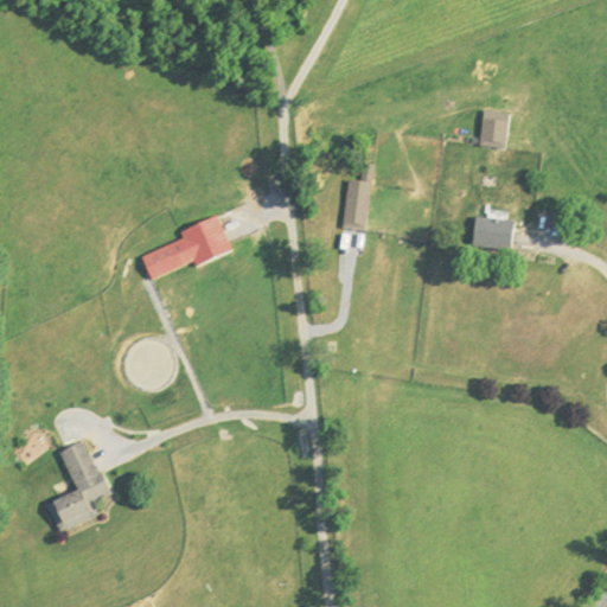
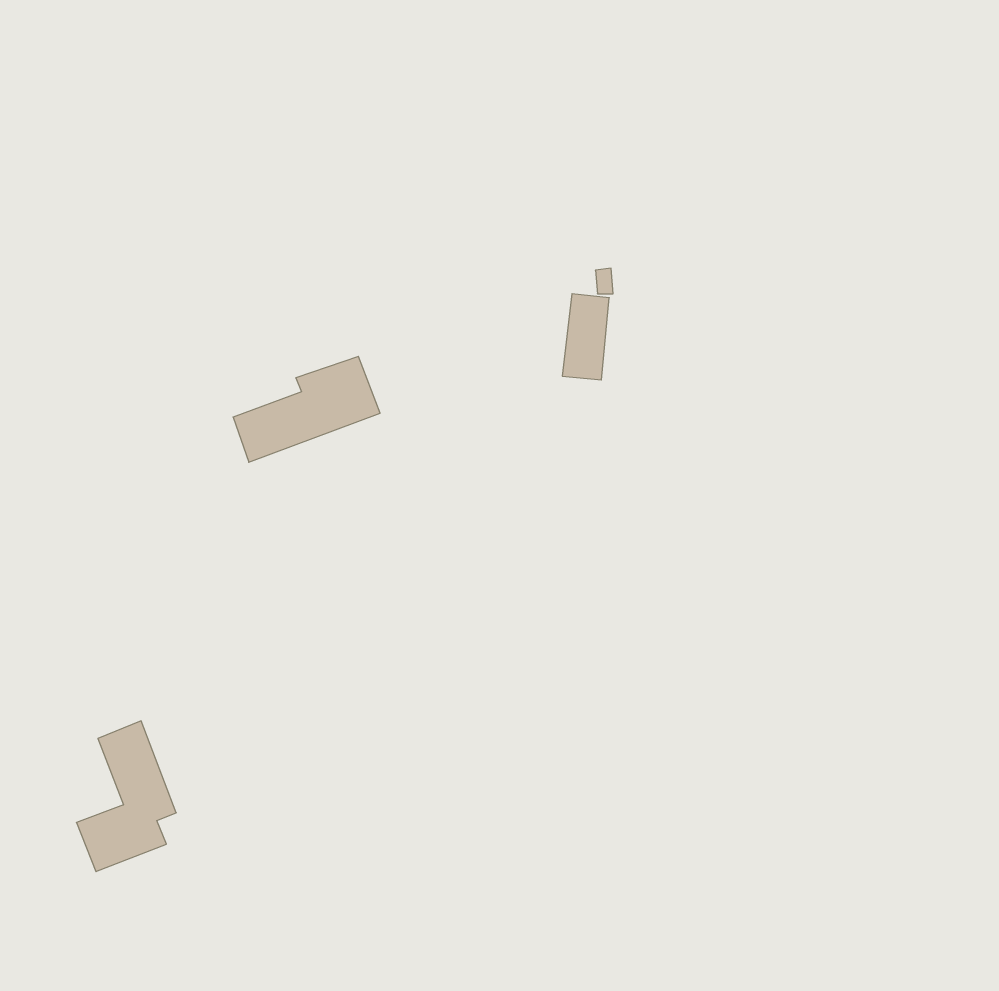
building: [479,109,510,147] -> none
building: [474,217,513,253] -> none

